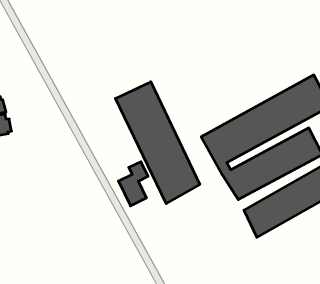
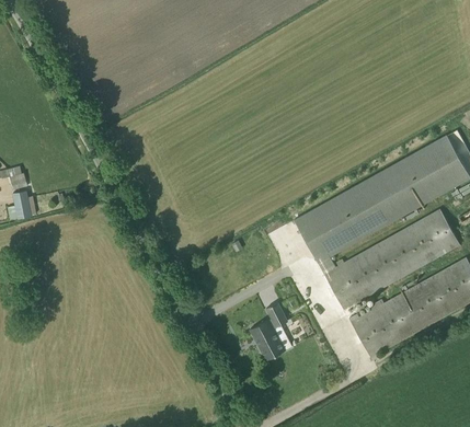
building: [115,82,200,204] -> none
building: [118,162,148,206] -> [250,300,290,360]

